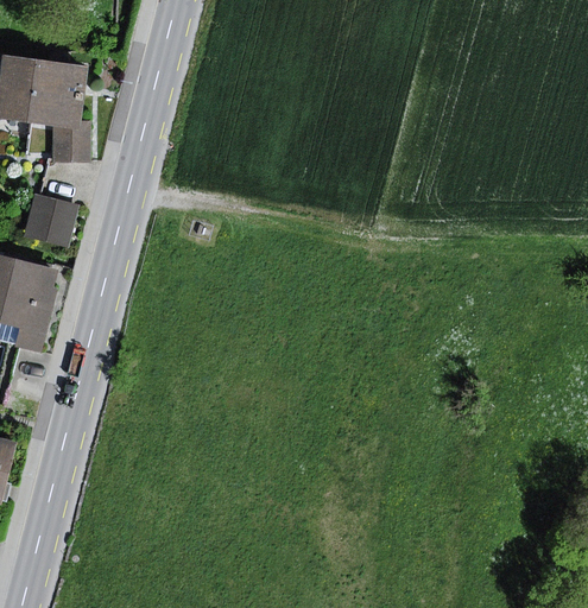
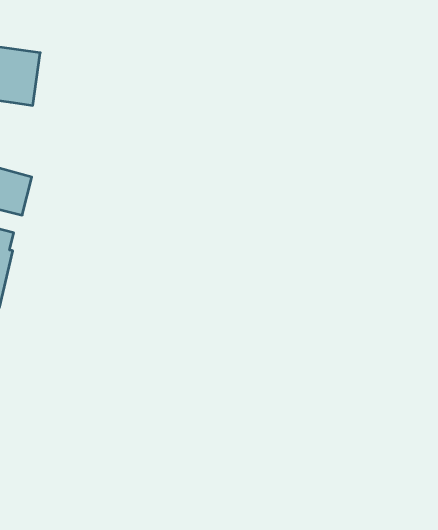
building: [53,121,90,162] -> none

